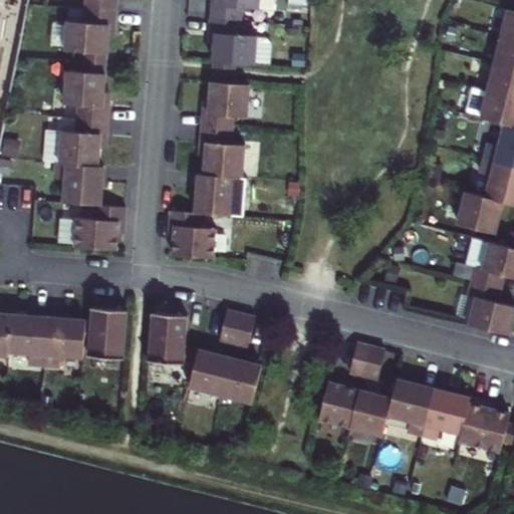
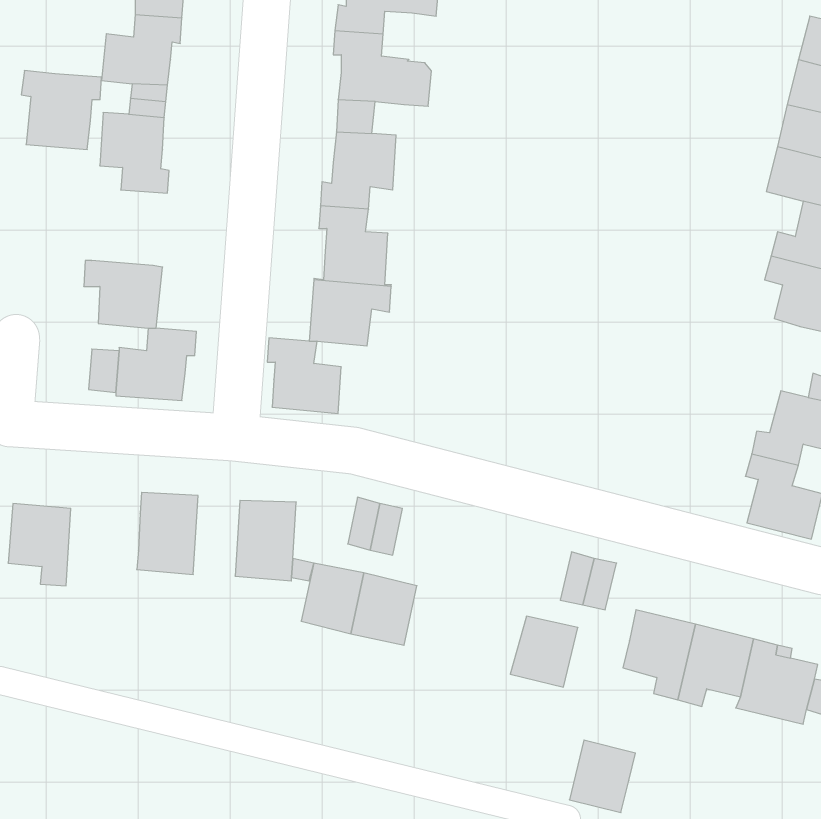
building: [55,116,105,166] -> [21,71,102,149]
building: [456,194,500,235] -> none
building: [42,317,83,366] -> none
building: [352,392,394,437] -> [569,740,635,813]

